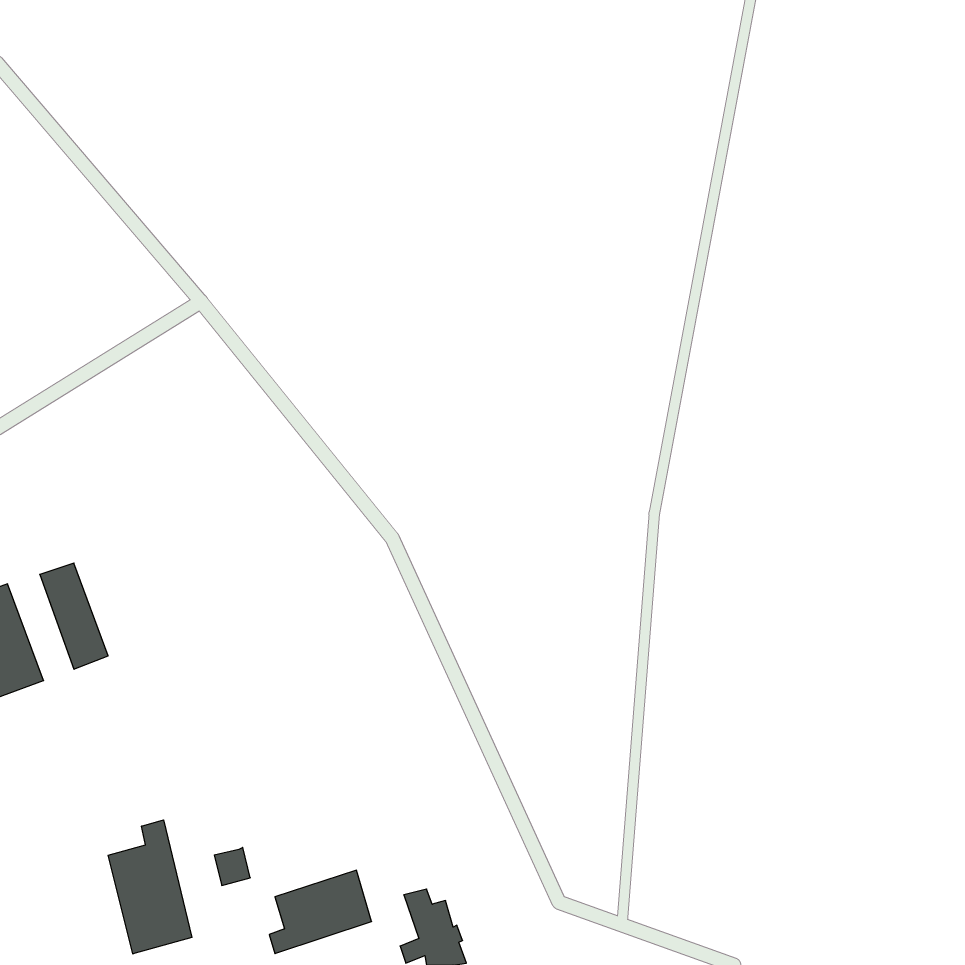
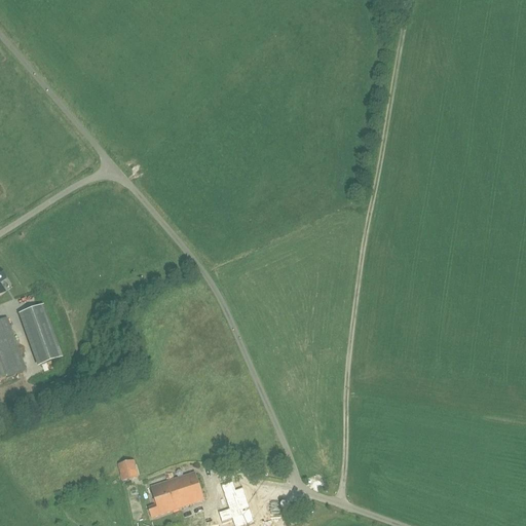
building: [108,820,192,954] -> none

